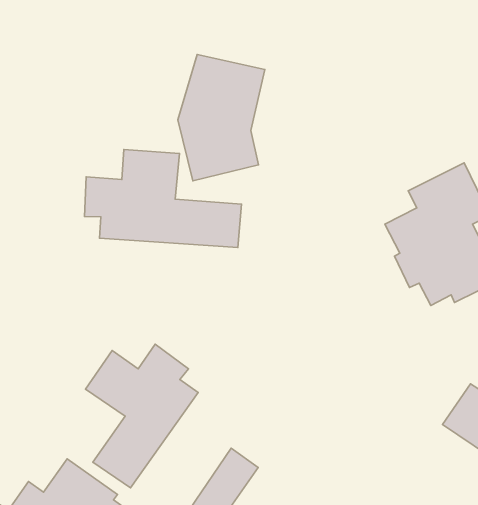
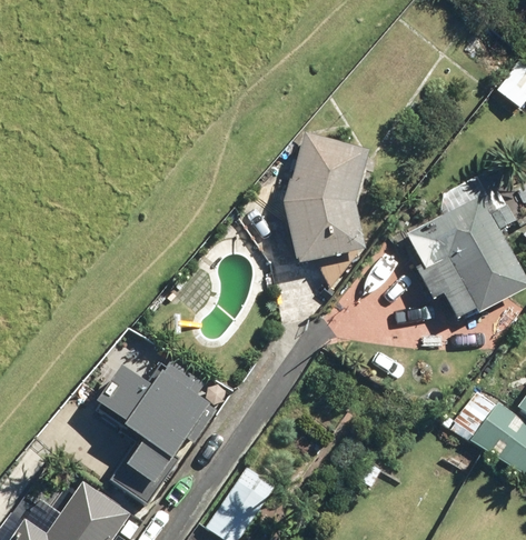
building: [178,54,265,181] -> [282,130,373,261]
building: [85,149,242,247] -> none

